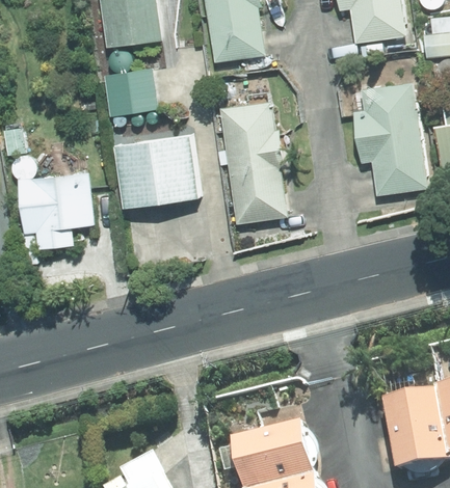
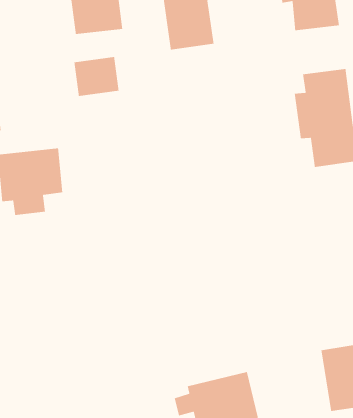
building: [218,97,286,222] -> none
building: [115,134,198,205] -> none

